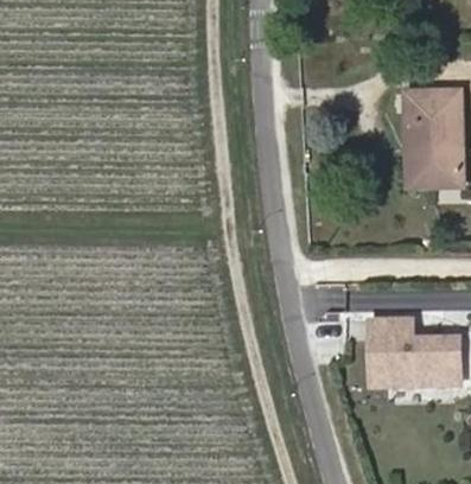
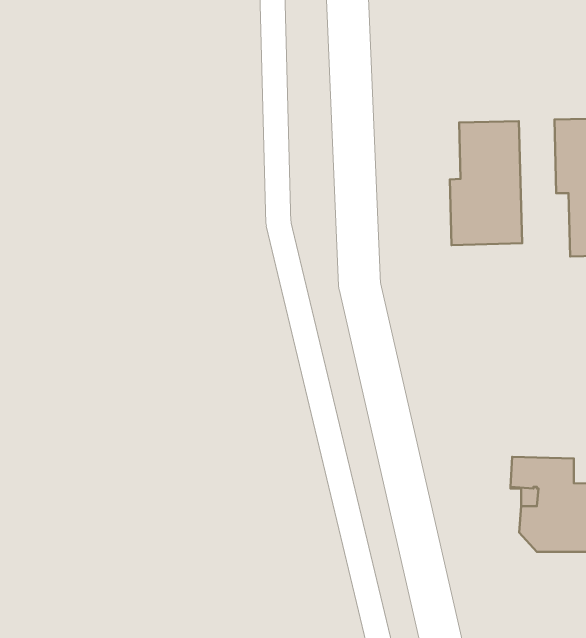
building: none -> [450,121,522,245]

